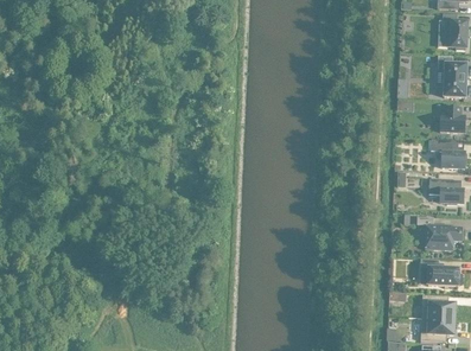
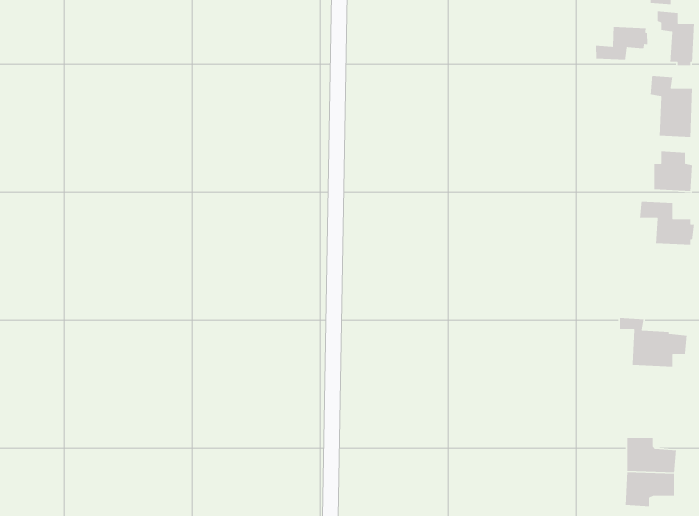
building: none -> [595,26,648,61]
building: [429,179,464,204] -> none
building: [421,260,459,286] -> none

